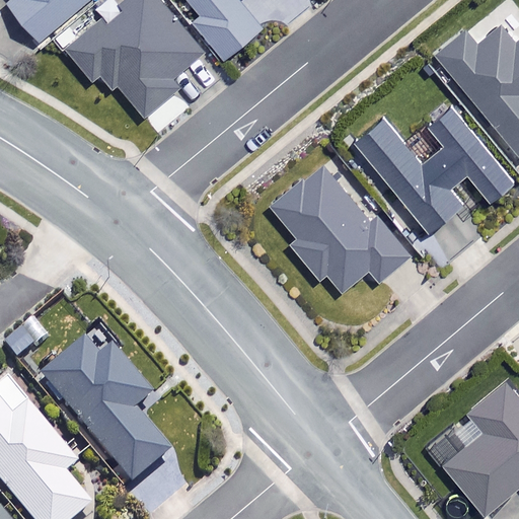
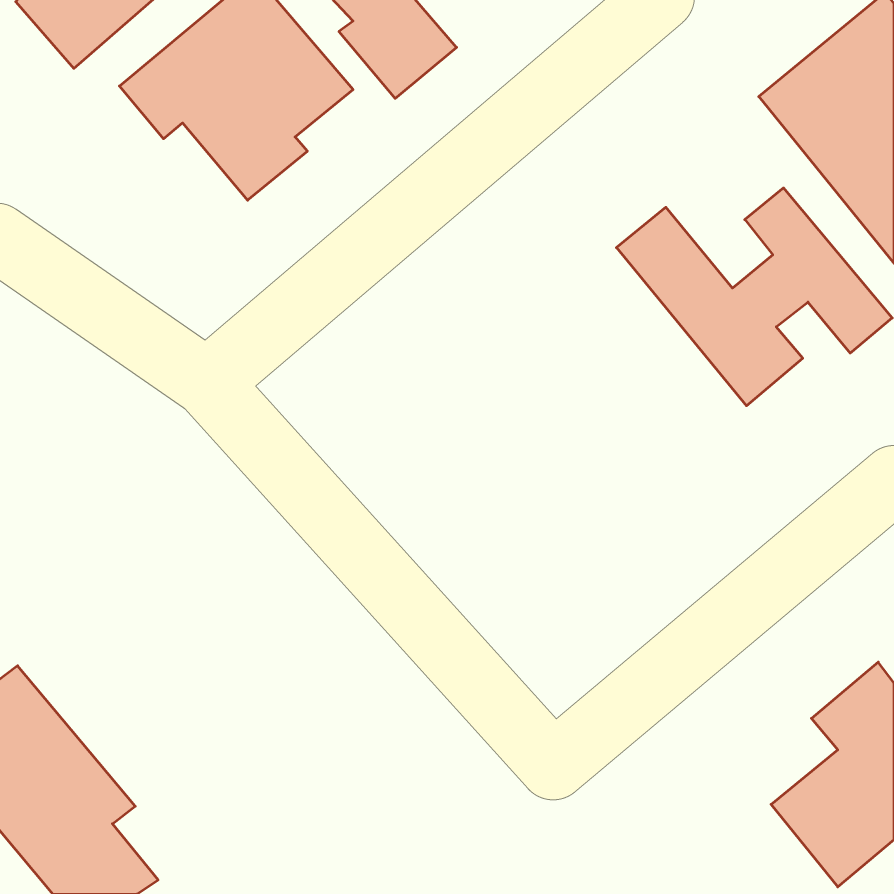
building: [274,165,410,295] -> none
building: [42,332,170,488] -> none

